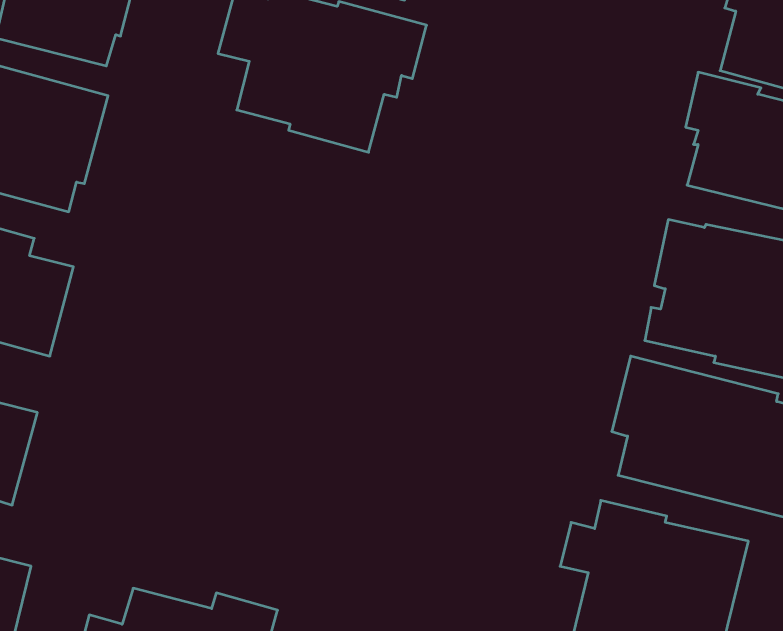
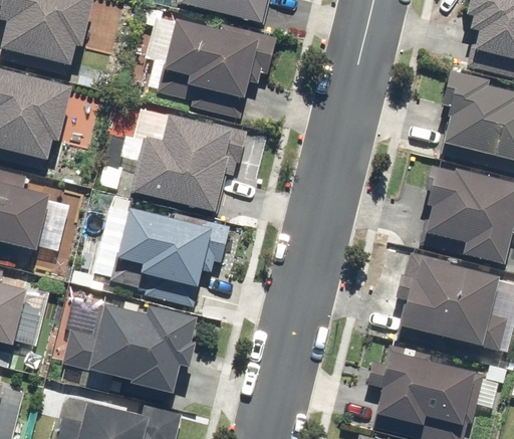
building: none -> [128,113,248,215]
building: none -> [93,206,233,308]
building: none -> [62,298,200,393]

